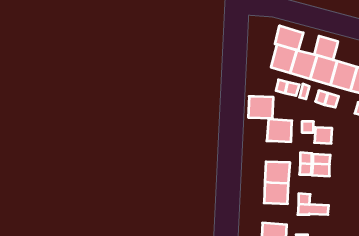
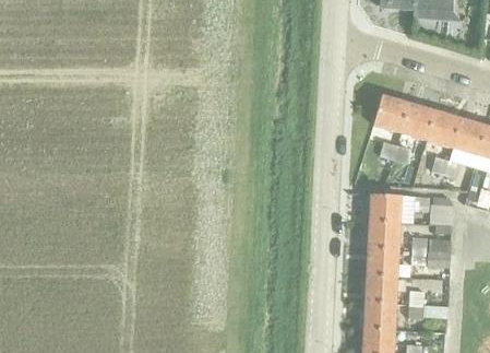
building: [275,26,303,50] -> none
building: [314,36,338,60] -> none
building: [248,96,273,118] -> [368,221,401,249]
building: none -> [363,302,396,330]

